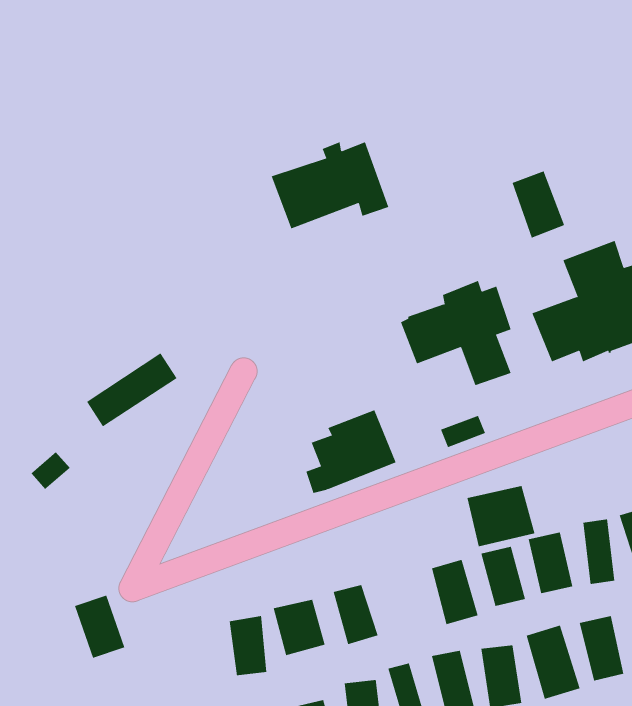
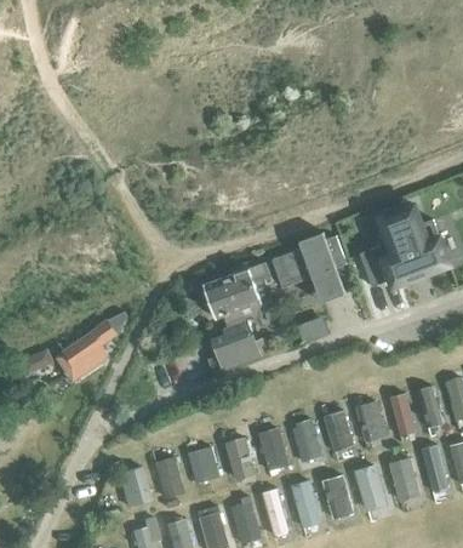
building: [271,142,389,229] -> [201,263,280,321]
building: [512,171,565,238] -> none
building: [86,353,177,427] -> [58,319,119,369]
building: [467,485,535,547] -> none
building: none -> [258,427,288,470]
building: [74,595,125,659] -> [118,466,152,508]

